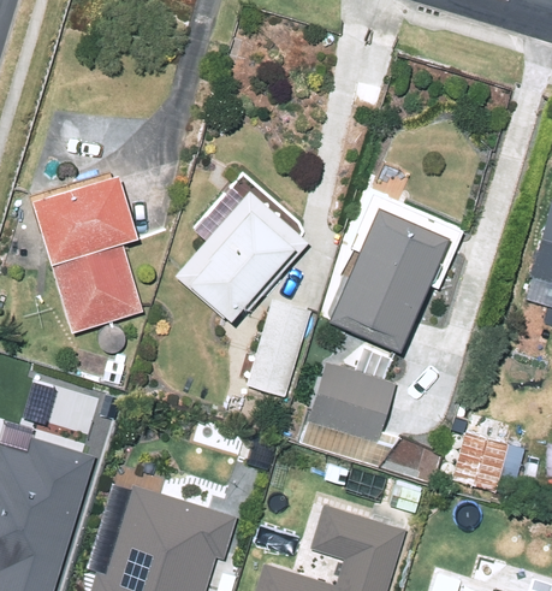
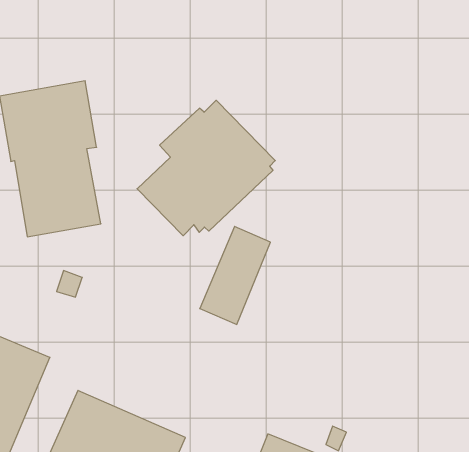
building: [322,190,461,348] -> none
building: [298,364,398,471] -> none
building: [450,435,515,496] -> none

